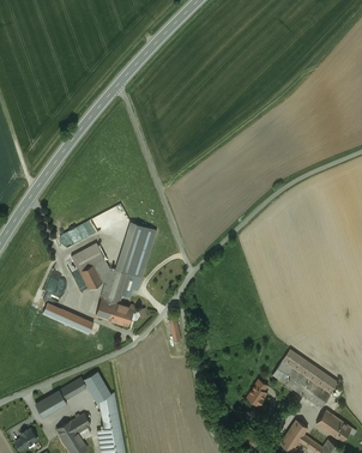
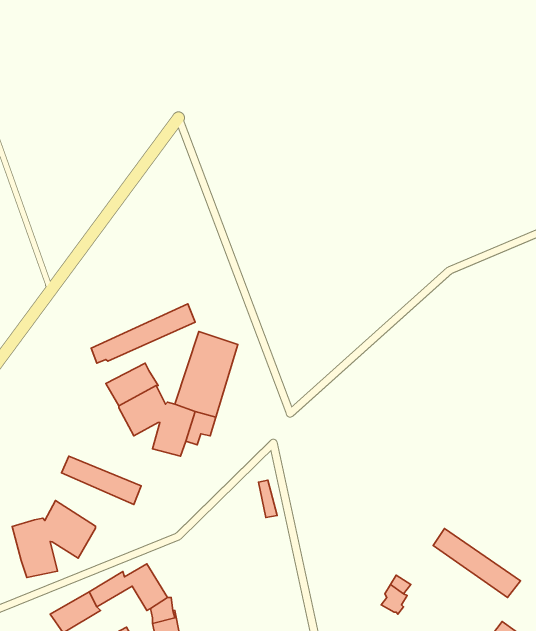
building: [96,298,134,326] -> none
building: none -> [12,500,95,577]
building: [272,361,330,409] -> none

